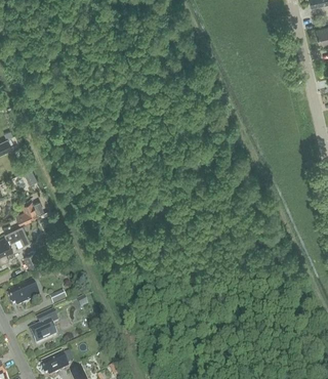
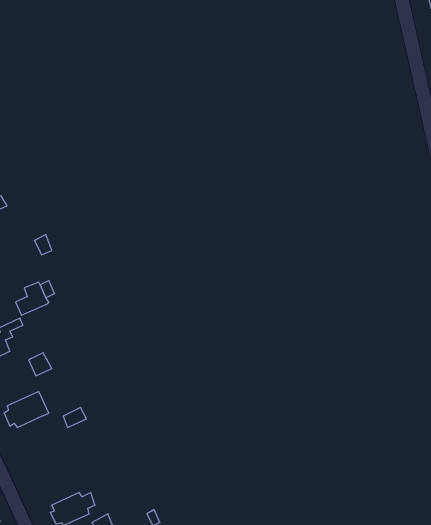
building: [30,311,58,344] -> none

